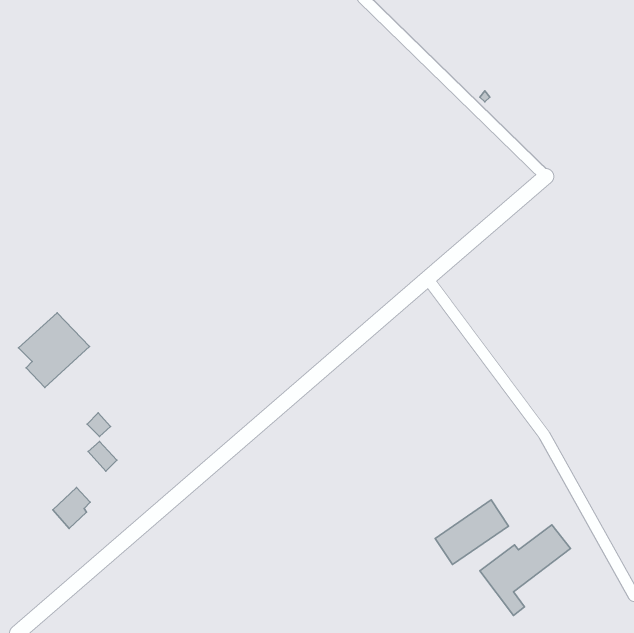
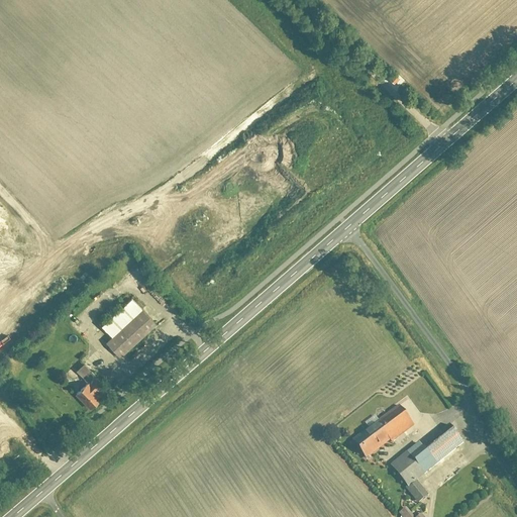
building: [19,313,89,388] -> [100,298,158,358]
building: [53,487,90,528] -> [76,377,106,410]

